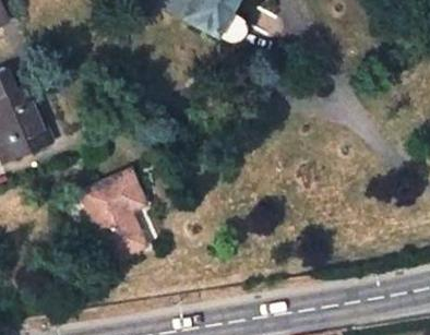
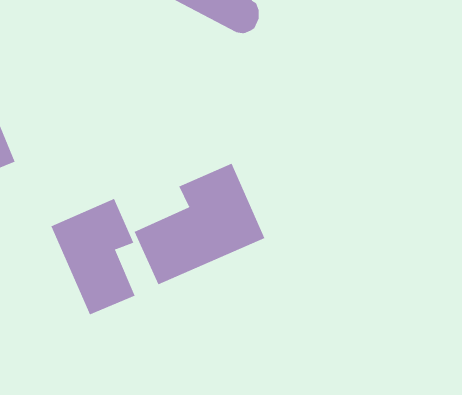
building: none -> [134,163,265,285]

